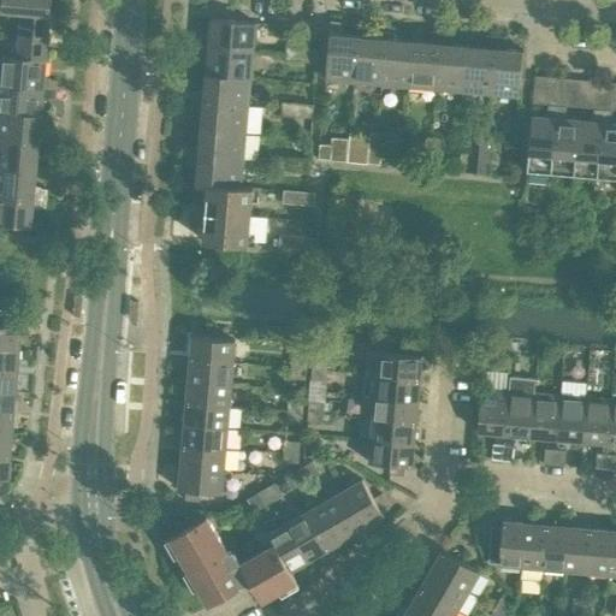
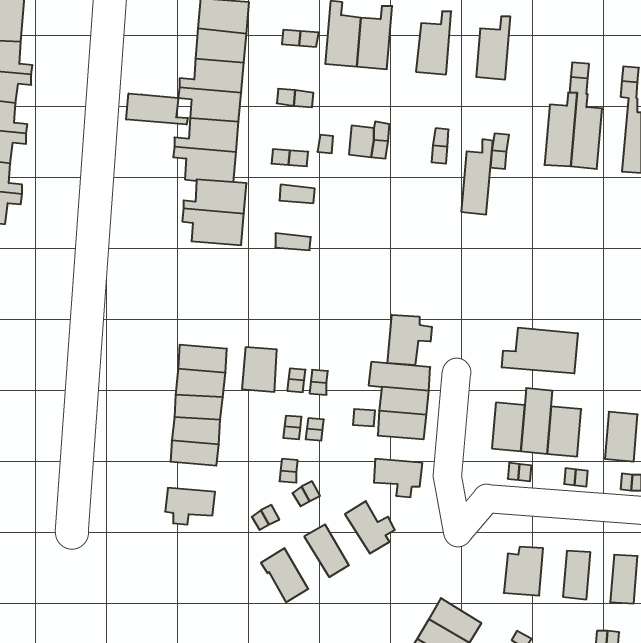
building: [380,28,411,88] -> none
building: [434,32,466,93] -> none
building: [488,37,522,97] -> none
building: none -> [126,93,188,125]
building: [573,111,602,179] -> [461,140,493,214]
building: none -> [387,315,432,365]
building: none -> [502,328,578,374]
building: none -> [242,347,277,392]
building: [555,397,584,443] -> none
building: [369,421,414,446] -> none
building: [179,445,224,473] -> none
building: [324,493,365,540] -> none
building: [286,514,327,562] -> none
building: [168,519,238,606] -> none
building: [519,525,545,582] -> none
building: [563,528,588,574] -> none
building: [233,546,295,603] -> none
building: [430,552,478,593] -> none

